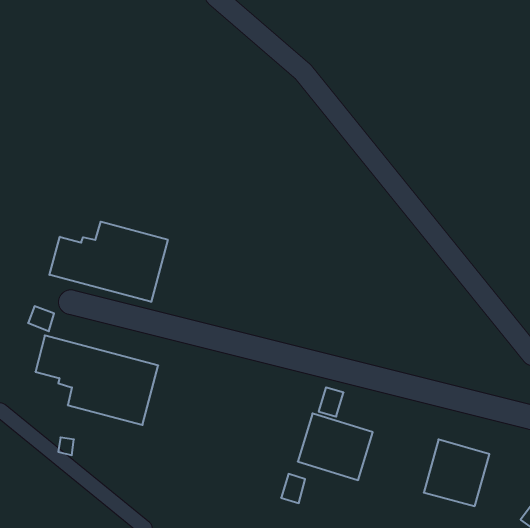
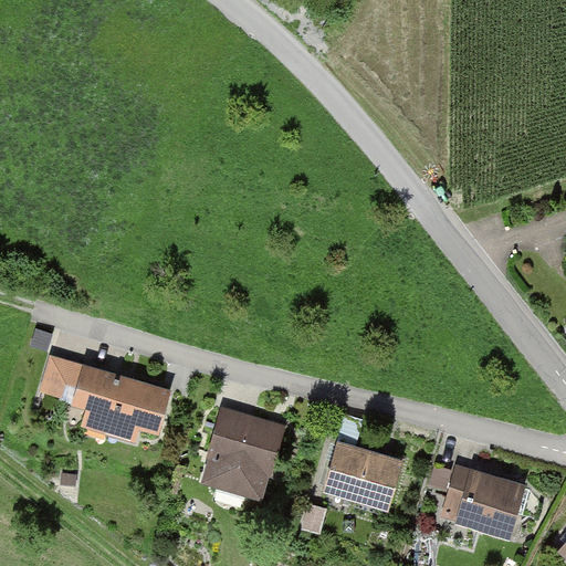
building: [49,222,168,302] -> none
building: none -> [200,407,283,500]

